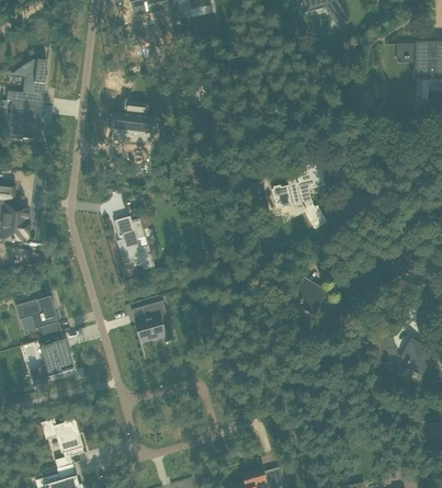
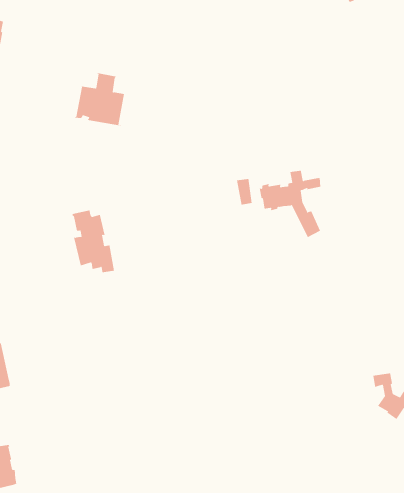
building: [290,280,322,313] -> none
building: [137,300,168,342] -> none

